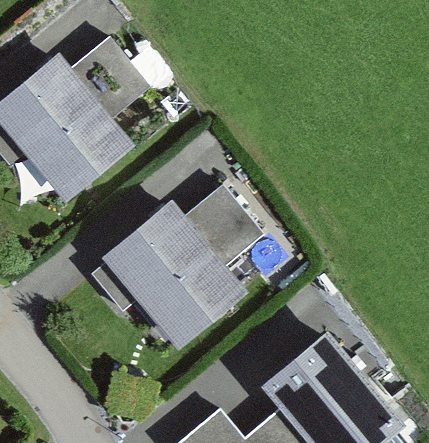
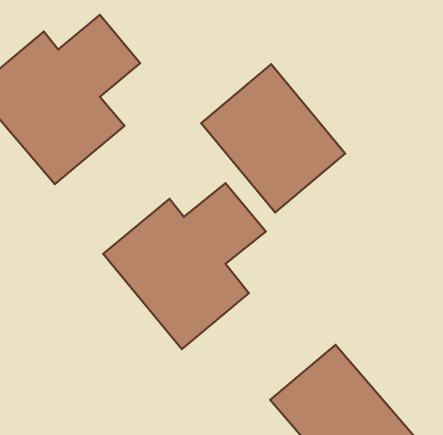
building: none -> [201,64,345,213]

